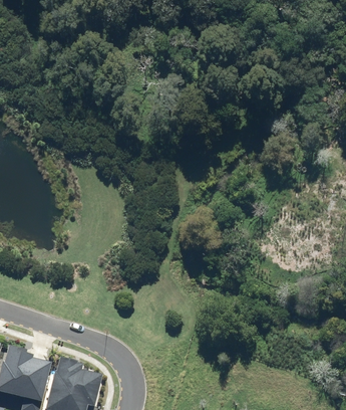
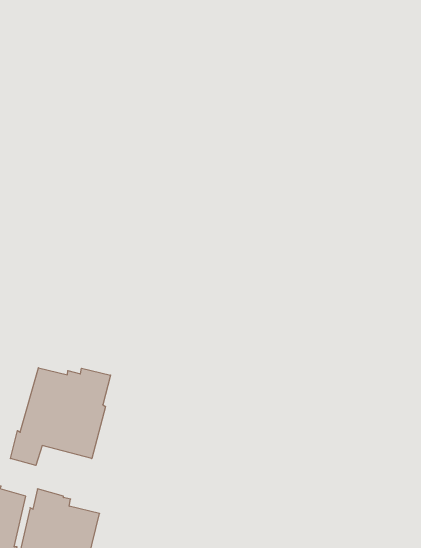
building: none -> [10,368,111,465]

